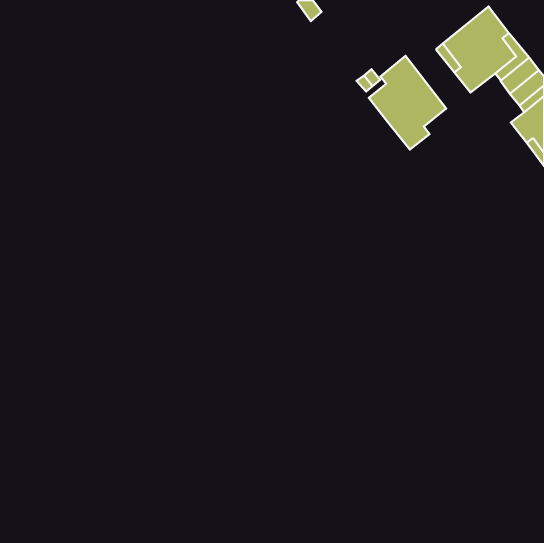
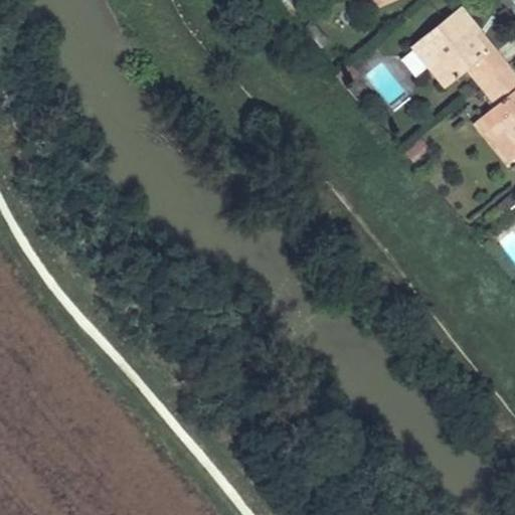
building: [369,56,446,150] -> none

